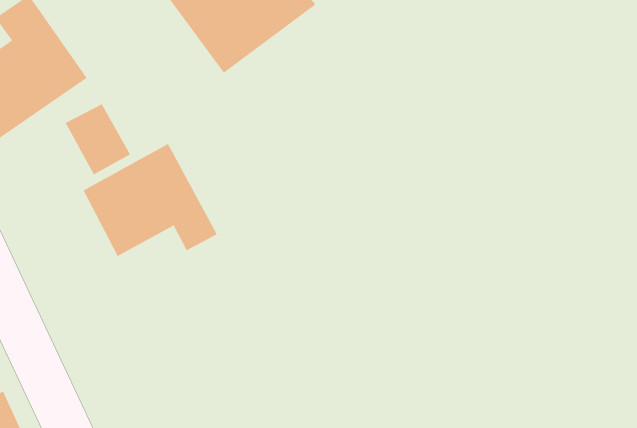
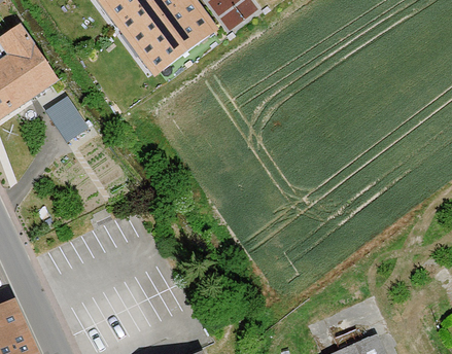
building: [83,143,218,257] -> none

